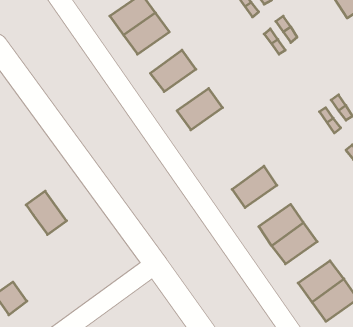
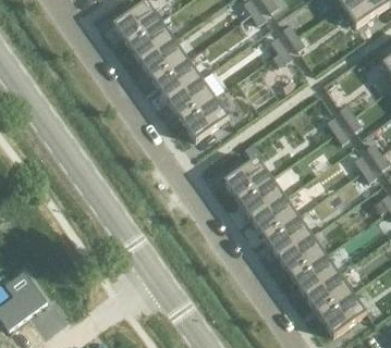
building: none -> [142,40,187,83]
building: none -> [169,78,215,121]
building: none -> [224,158,271,201]
building: none -> [252,197,298,239]
building: [26,191,67,235] -> [7,271,48,315]
building: none -> [293,254,339,297]

